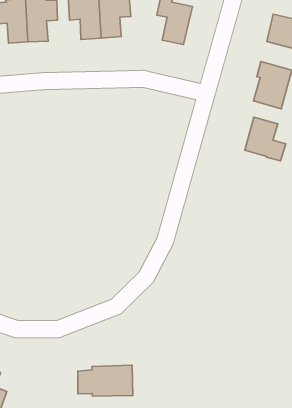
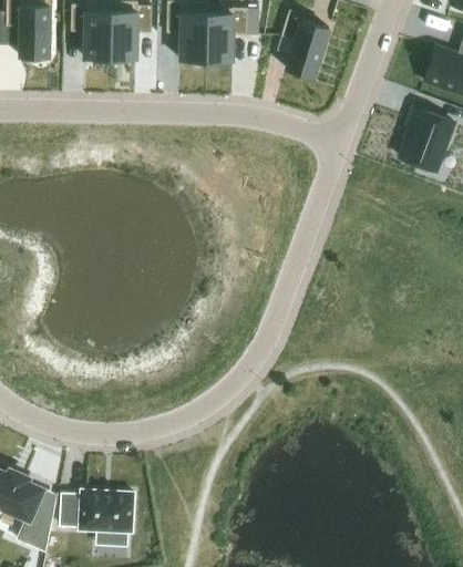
building: [245,117,286,161] -> none
building: [78,365,133,396] -> [61,492,135,534]

